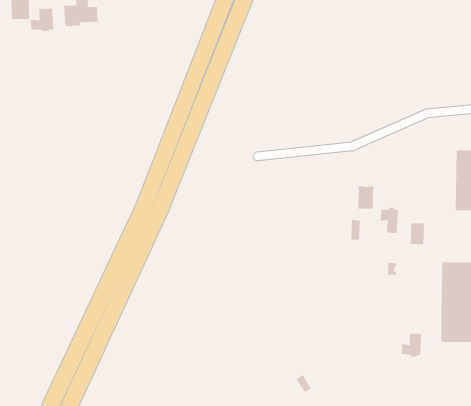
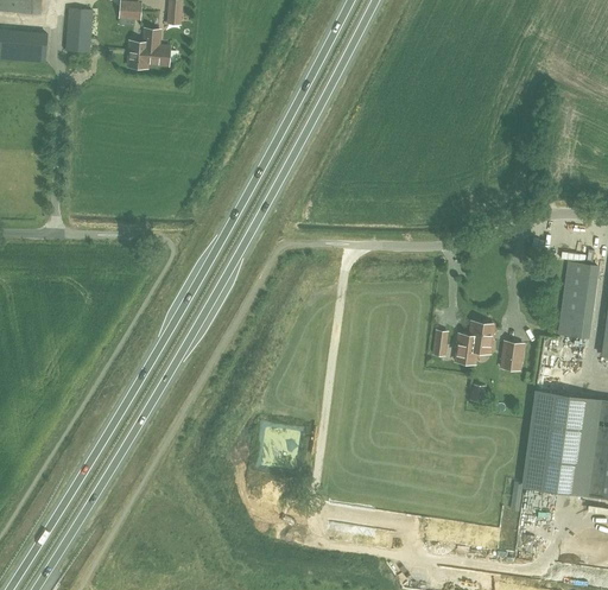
building: [30,8,54,32] -> none
building: [357,186,374,209] -> [455,334,477,363]
building: [402,333,421,357] -> none

